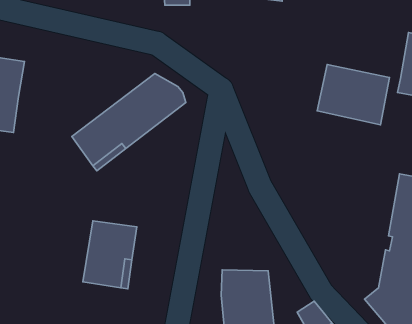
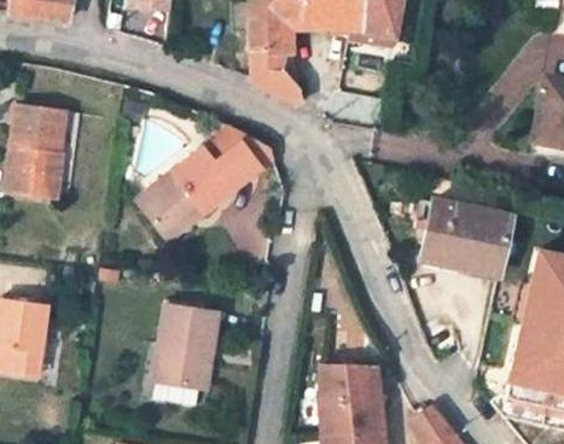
building: none -> [251,46,301,99]
building: [317,65,389,125] -> [420,198,507,270]

